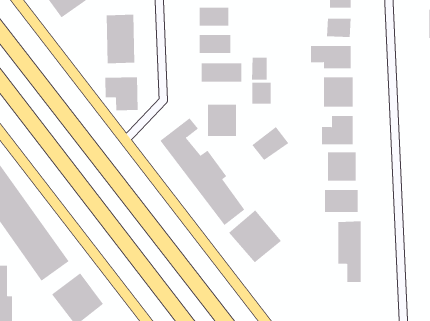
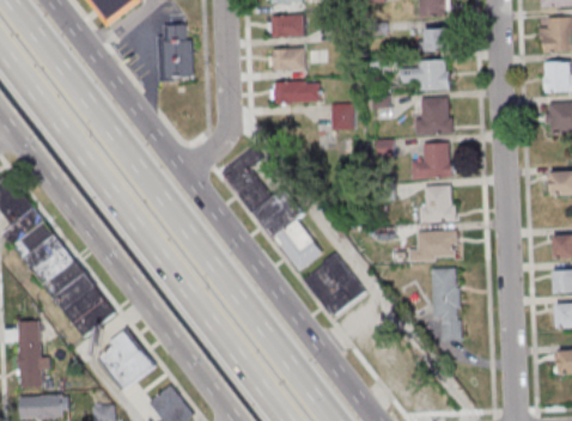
building: [251,57,267,81] -> none
building: [105,76,138,111] -> none
building: [207,104,236,137] -> none
building: [252,126,289,161] -> none

